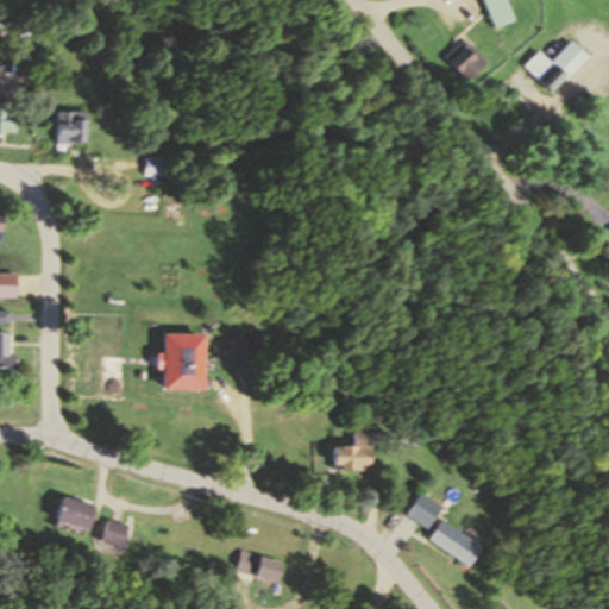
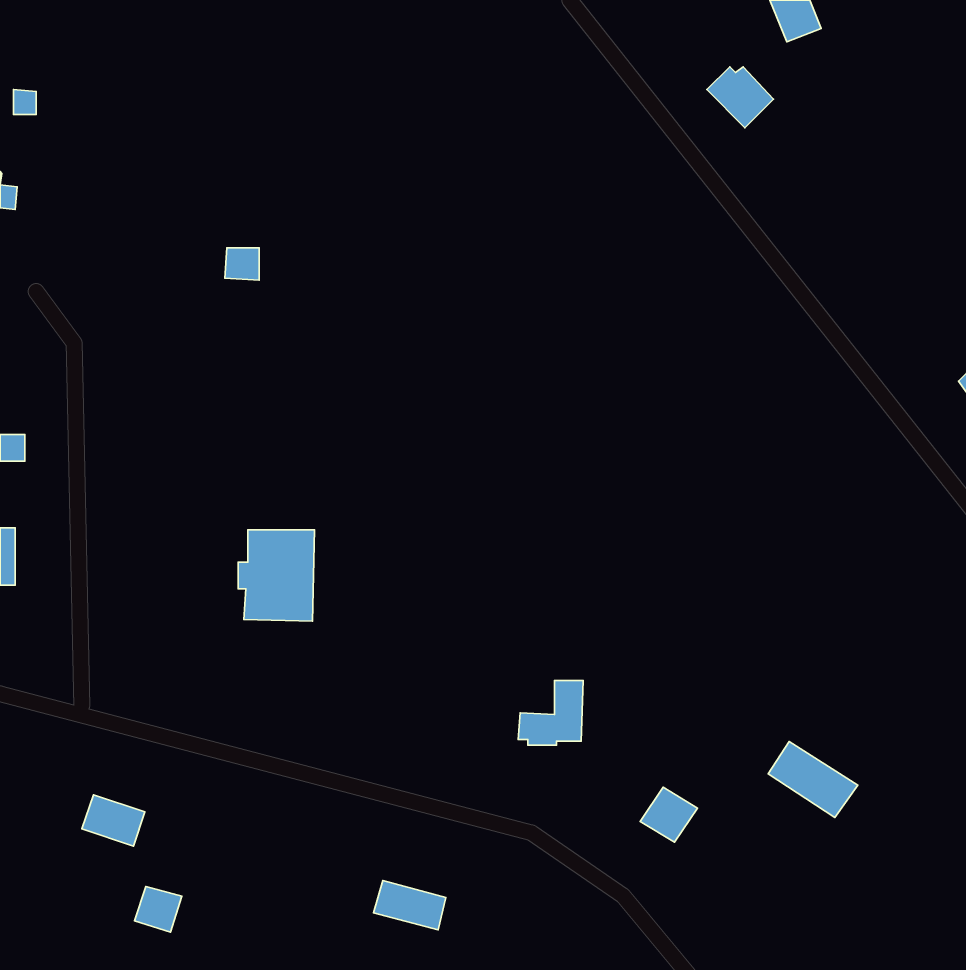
building: [525,40,589,92] -> none
building: [58,112,87,145] -> none
building: [425,519,481,566] -> [768,741,858,818]
building: [100,521,130,550] -> [134,886,182,932]

